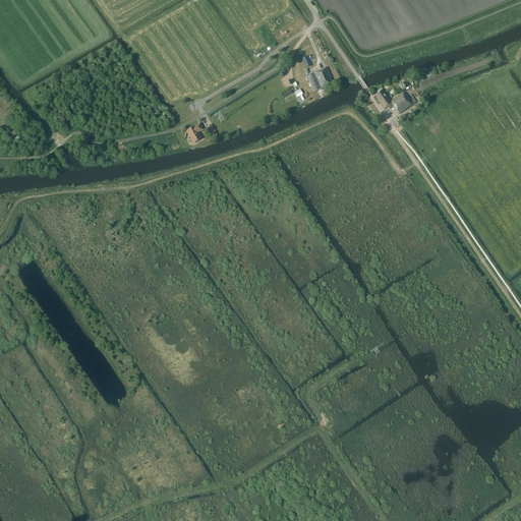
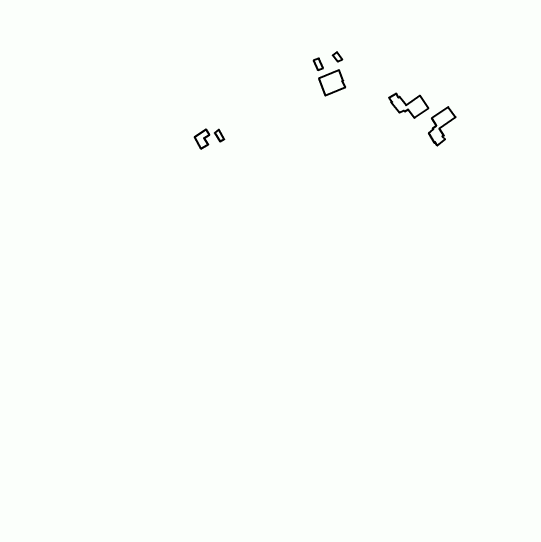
building: none -> [429,107,456,146]

